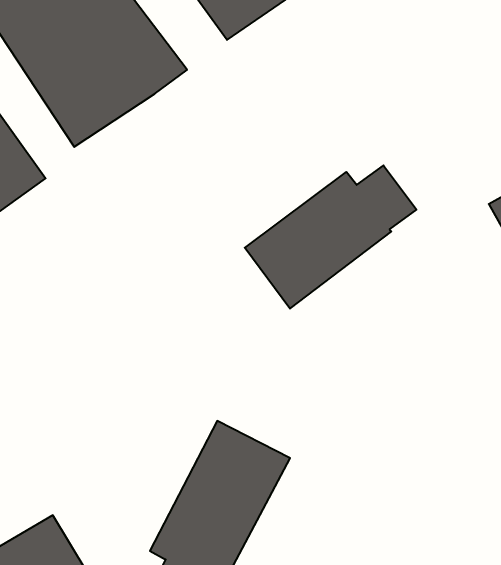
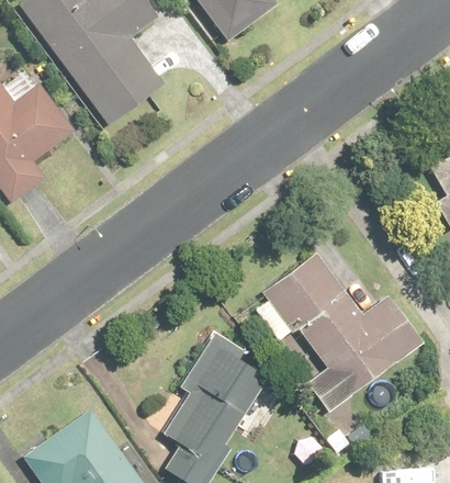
building: [245,165,416,309] -> none
building: none -> [248,259,403,417]

